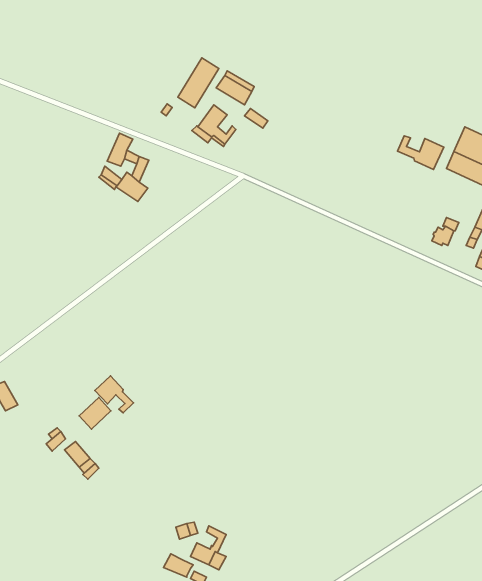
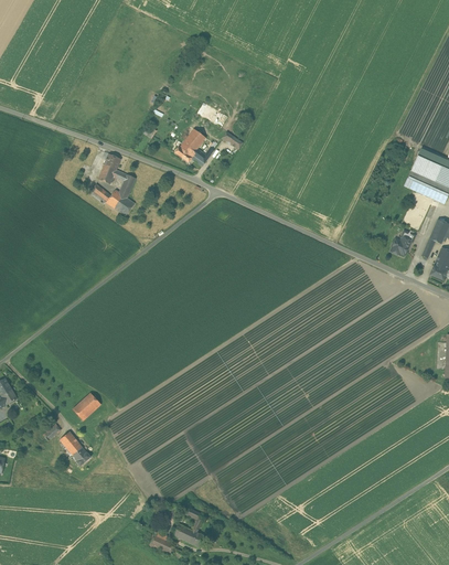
building: [178,58,219,108] -> none
building: [398,136,444,169] -> none
building: [95,376,133,413] -> none

